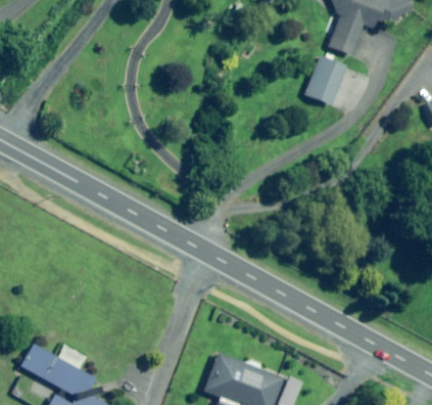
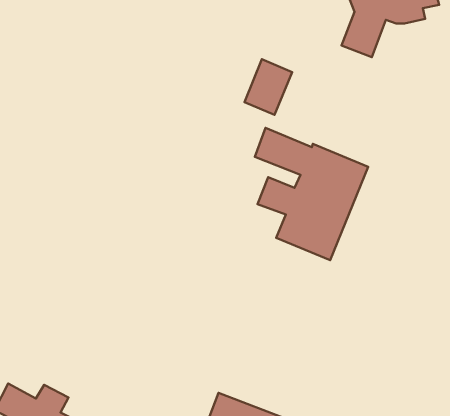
building: [304,56,346,105] -> [244,59,292,115]
building: none -> [255,128,368,260]

